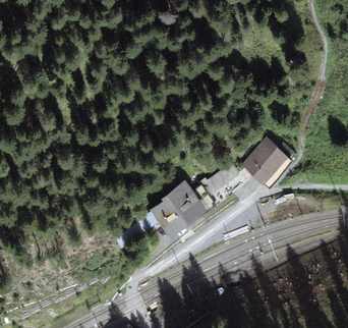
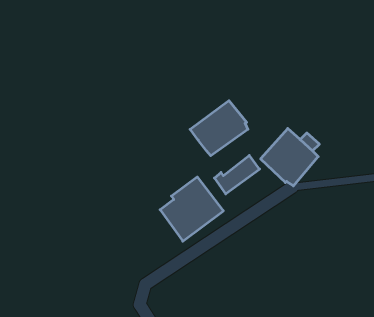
building: none -> [190,101,248,156]

